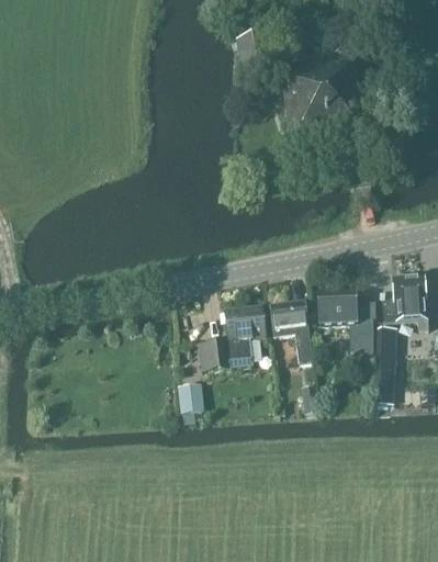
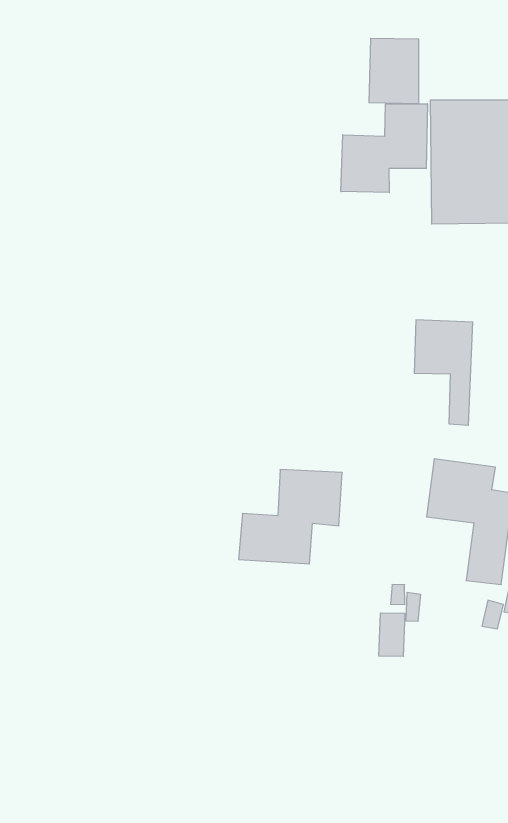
building: none -> [341,104,427,193]
building: [270,301,313,366] -> [414,320,473,425]
building: [179,383,204,414] -> none

